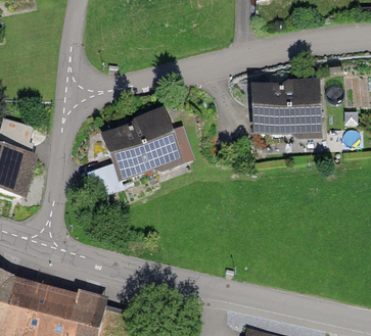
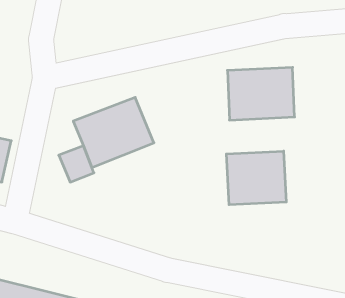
building: none -> [226,151,286,205]

